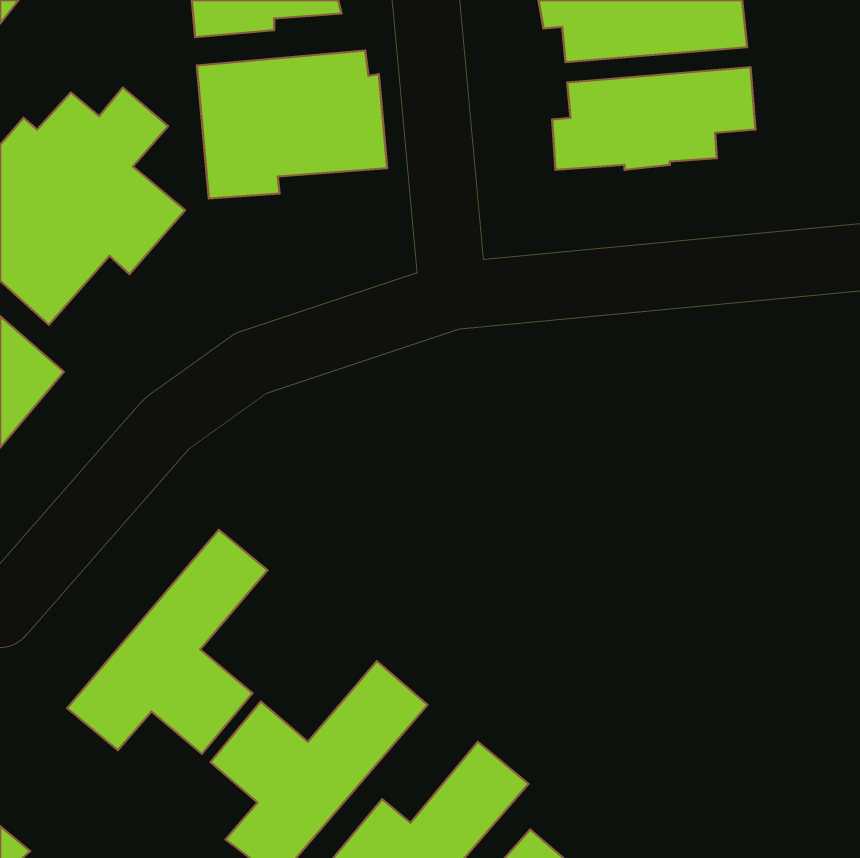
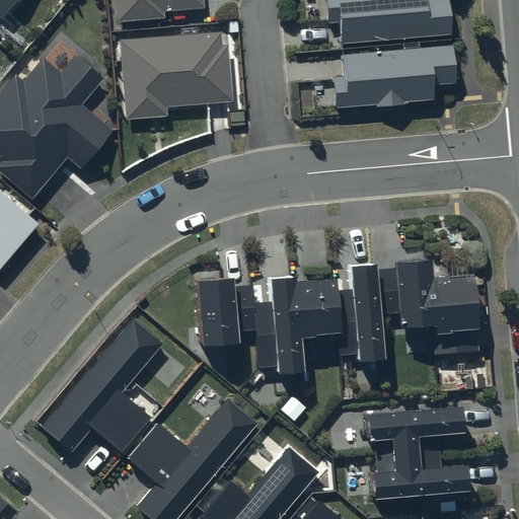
building: none -> [196,258,486,374]
building: none -> [365,406,470,498]

